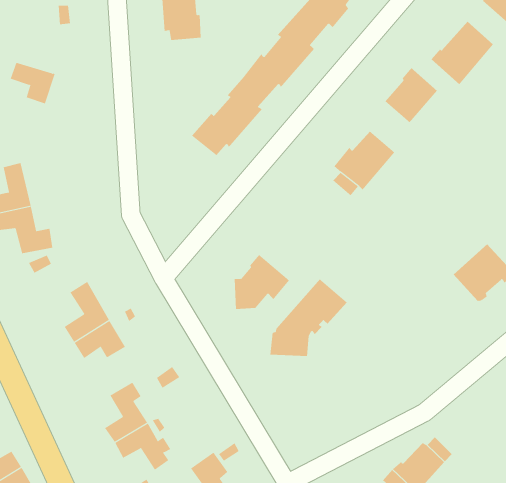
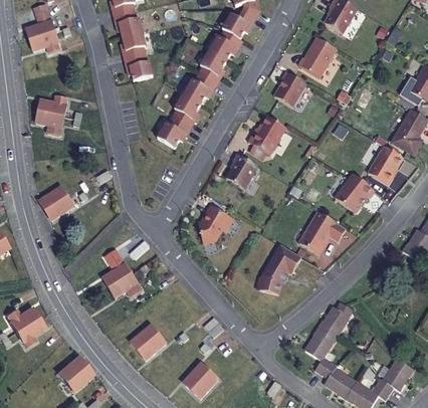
building: none -> [39,84,68,114]
building: none -> [226,154,258,188]
building: [270,278,347,356] -> [257,245,301,298]
building: none -> [299,211,346,254]

